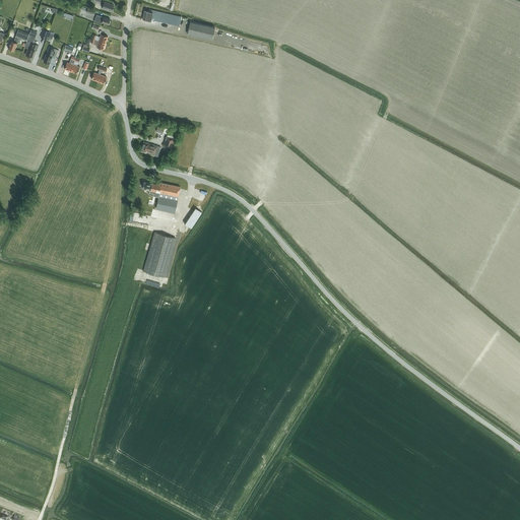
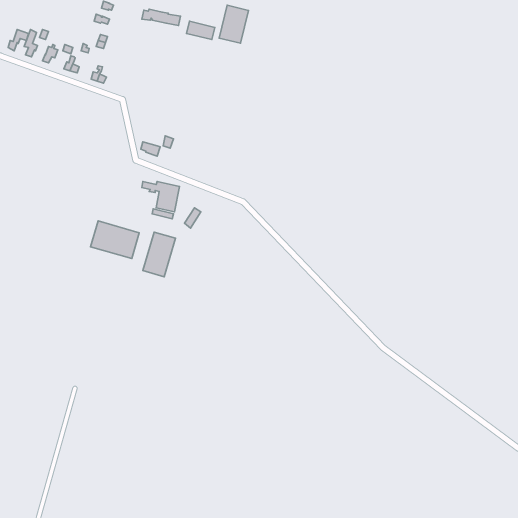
building: none -> [219,5,248,43]
building: none -> [90,221,139,259]

